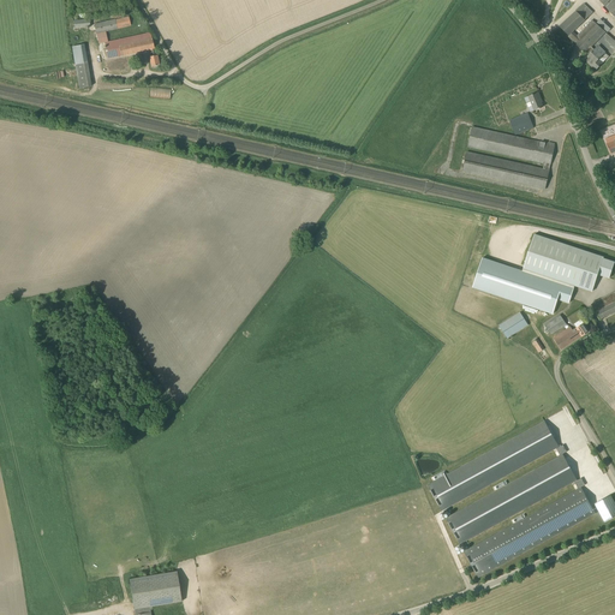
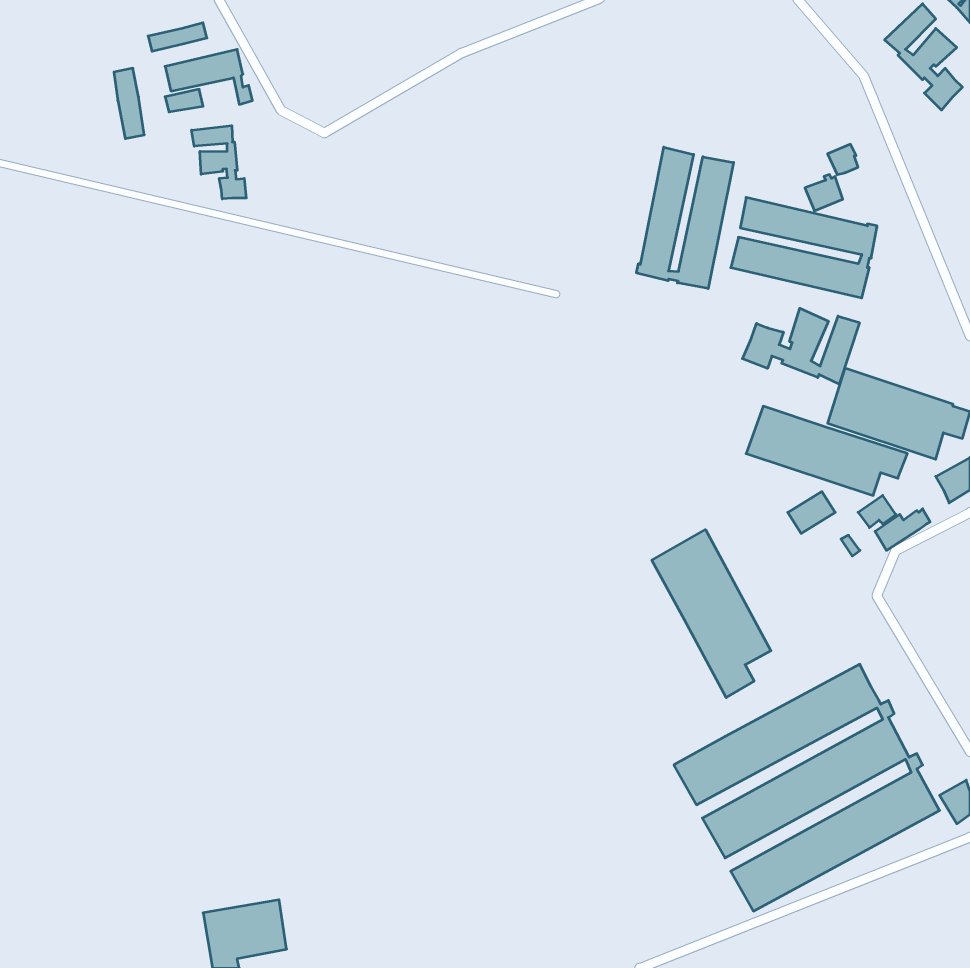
building: none -> [192,126,246,199]
building: none -> [636,147,734,289]
building: none -> [742,308,859,384]
building: none -> [652,530,771,698]

